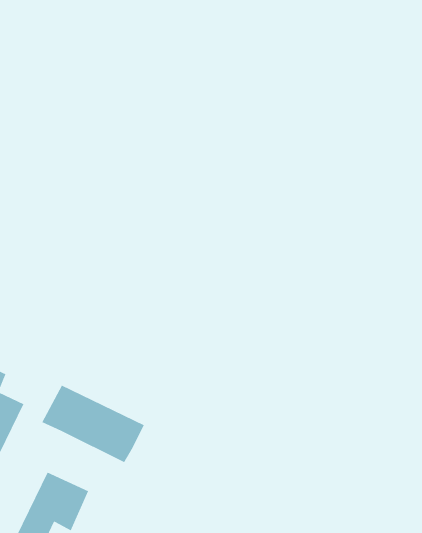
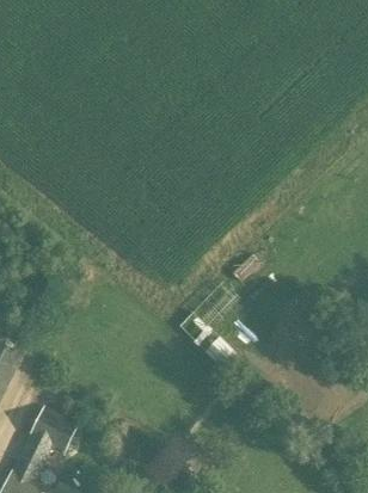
building: [41,384,145,463] -> none

